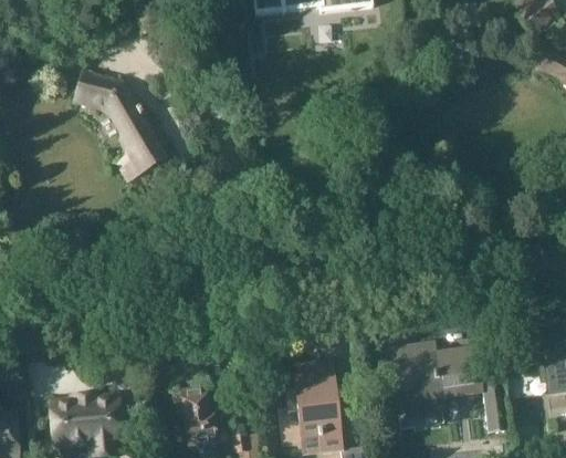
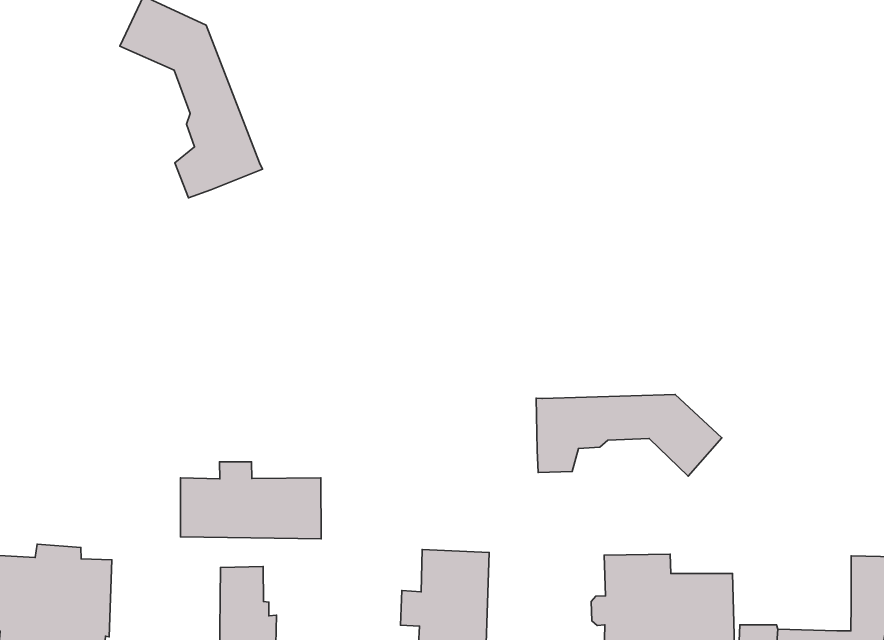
building: none -> [536,394,722,476]
building: none -> [181,462,321,539]

